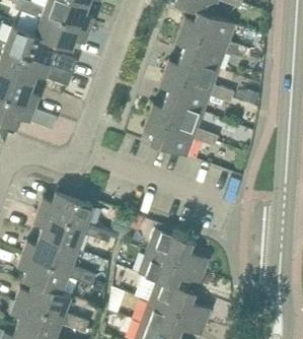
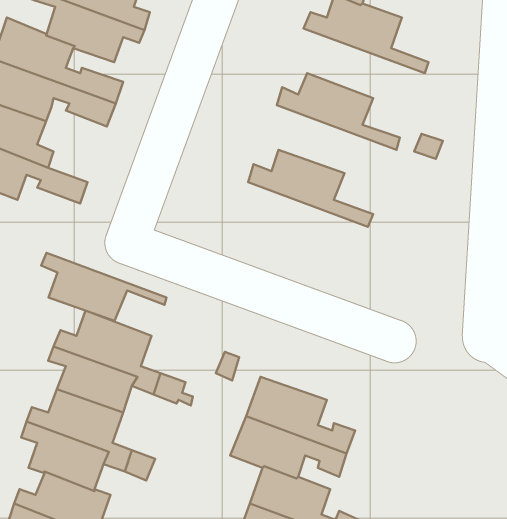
building: [177,30,248,70] -> none
building: [161,74,232,113] -> none
building: [145,118,216,156] -> [41,253,166,321]

